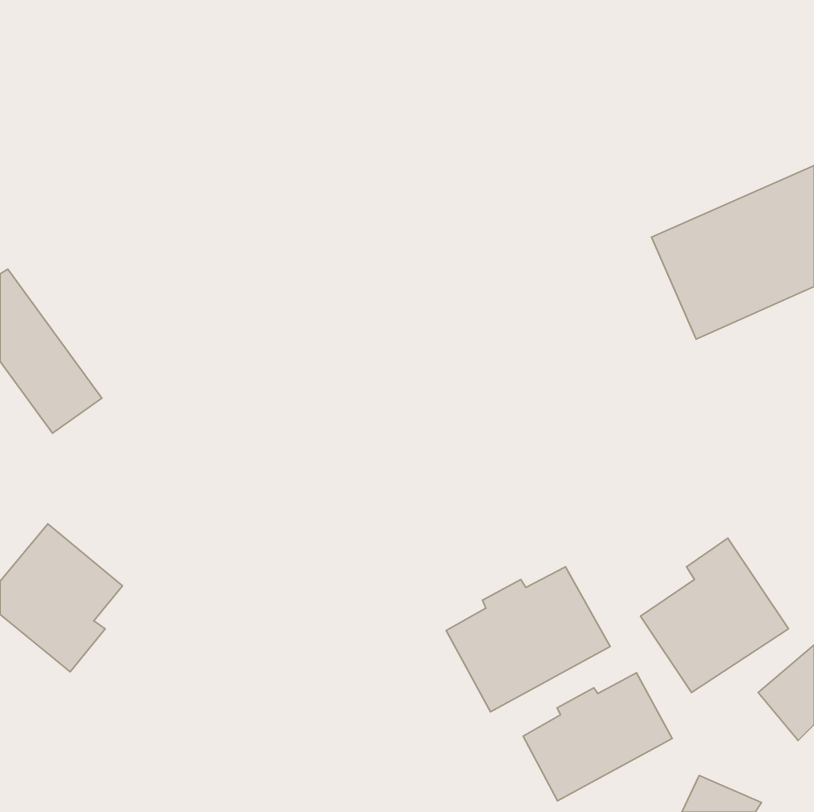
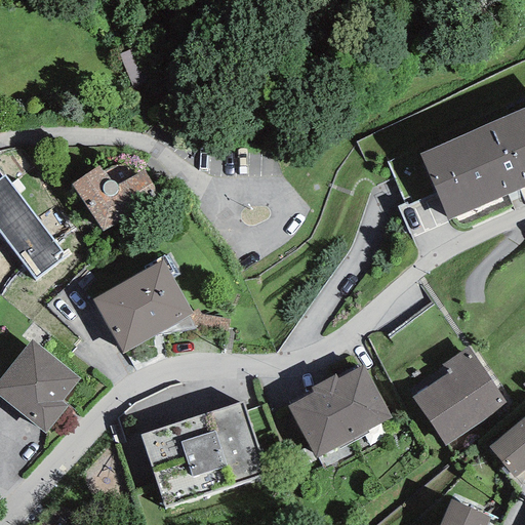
building: none -> [71,165,161,231]
building: none -> [91,259,191,353]
building: none -> [139,399,268,508]
building: [523,673,672,801] -> none

